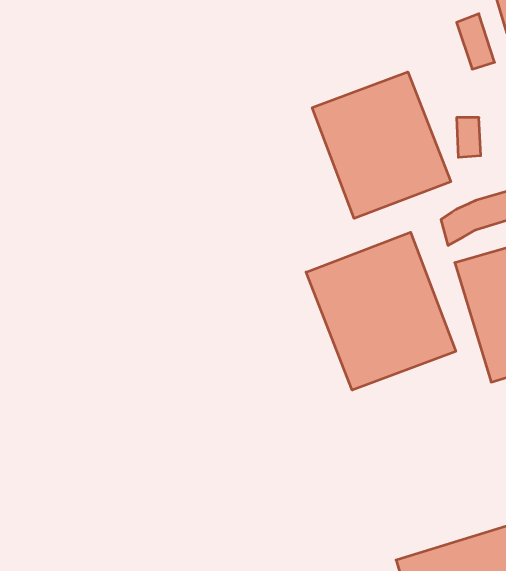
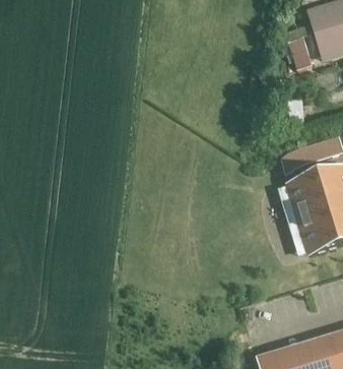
building: [312,72,451,218] -> none
building: [306,232,456,390] -> none

